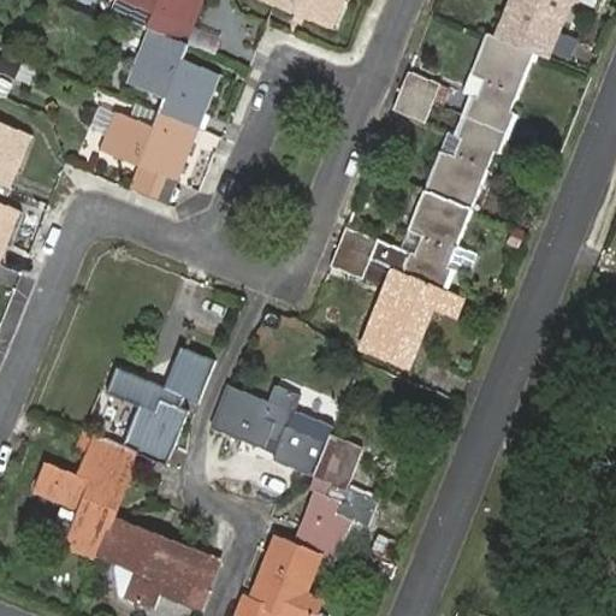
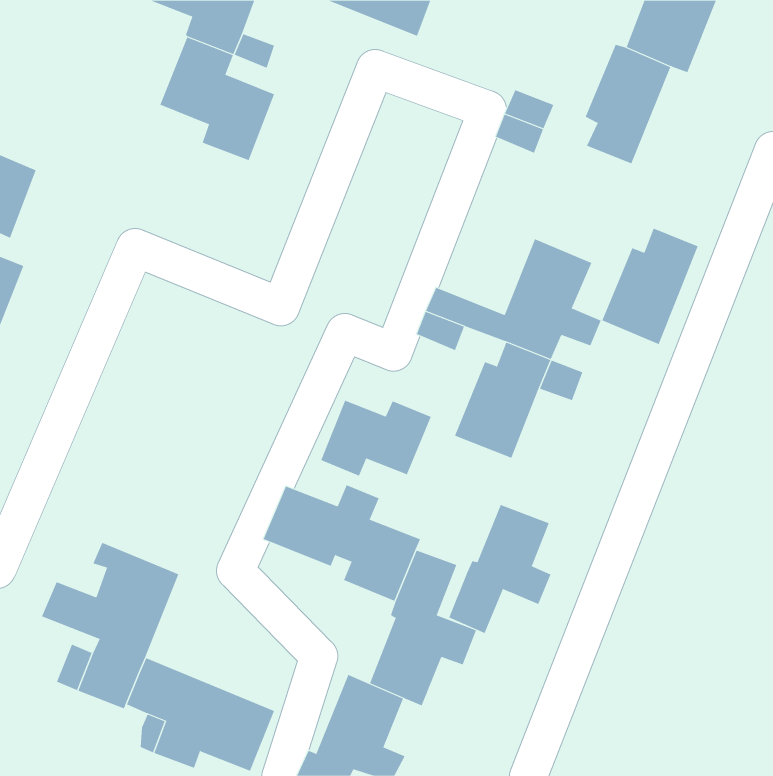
building: [100,112,197,203] -> none
building: [424,116,500,208] -> [601,228,699,345]
building: none -> [320,400,431,477]
building: [106,346,214,464] -> none
building: none -> [449,504,551,634]

